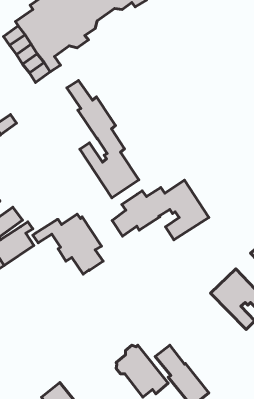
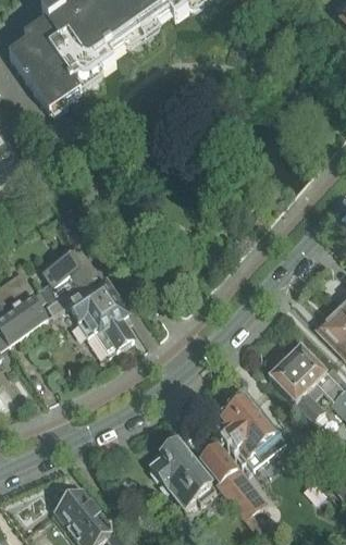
building: [67,81,139,198] -> none
building: [112,180,209,240] -> none
building: none -> [44,246,101,289]
building: none -> [215,397,286,461]

